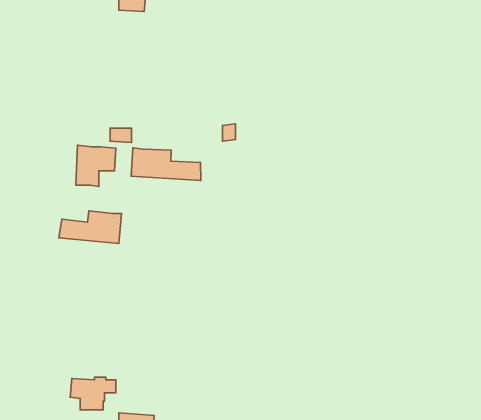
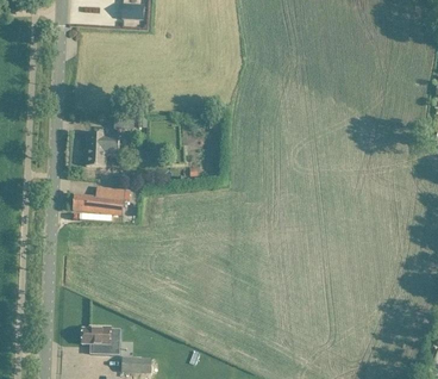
building: [131,148,201,180] -> none

